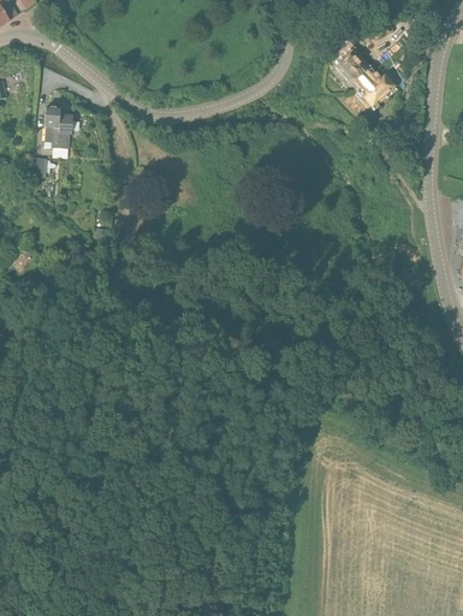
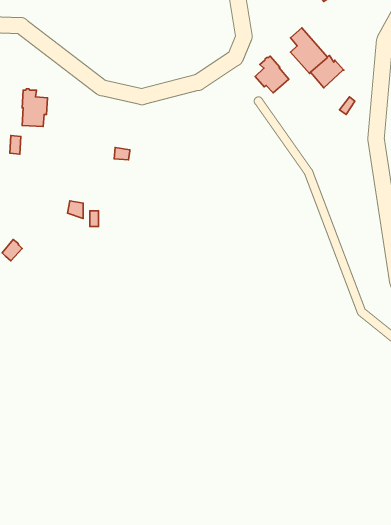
building: none -> [255,56,289,93]

